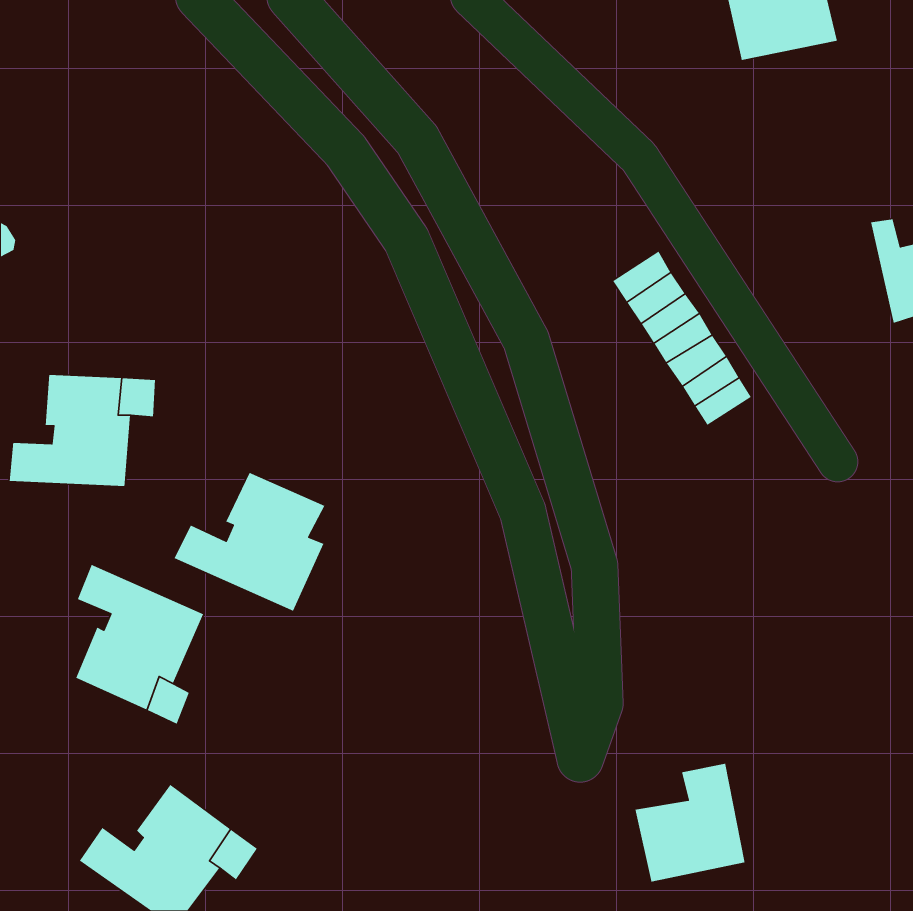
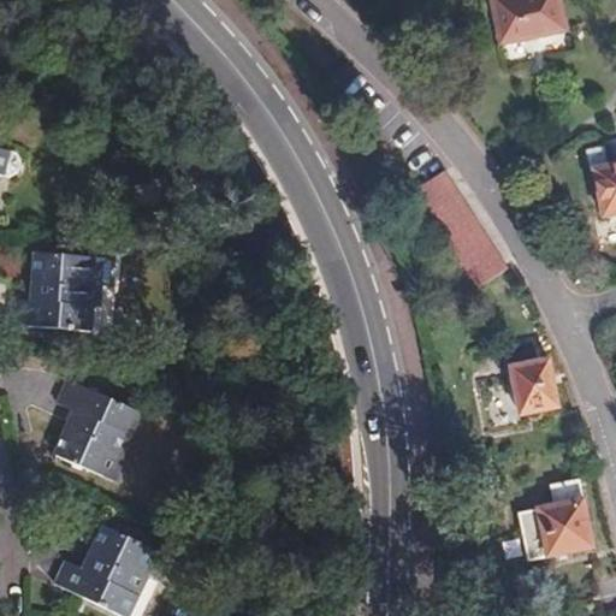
building: [174,472,325,612] -> none
building: none -> [507,348,557,414]
building: [635,763,746,883] -> [517,479,592,559]

